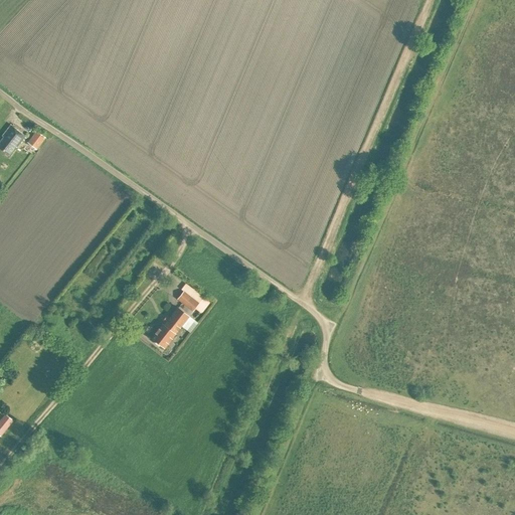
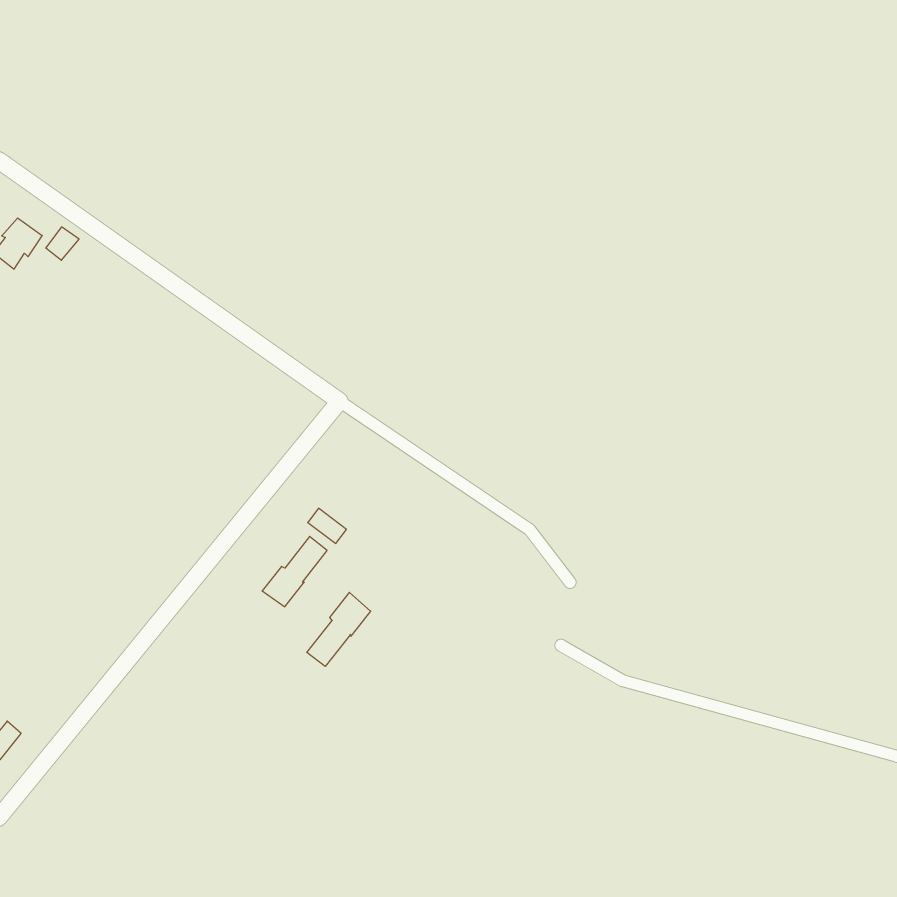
building: none -> [307,592,371,666]

